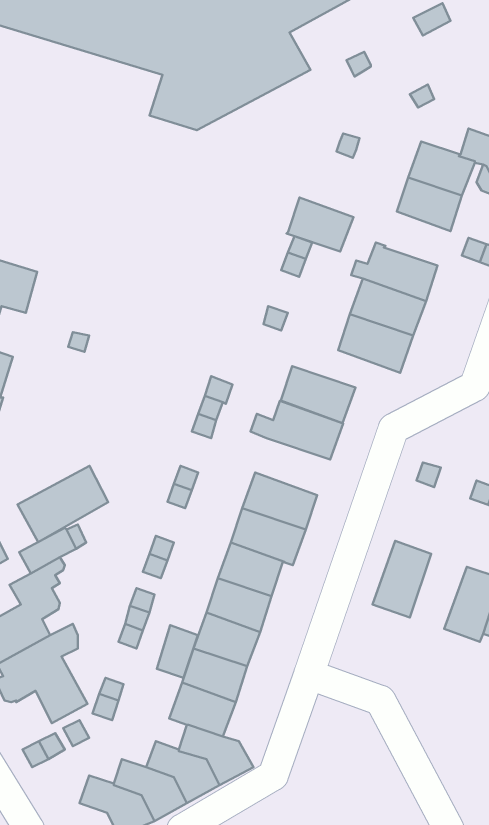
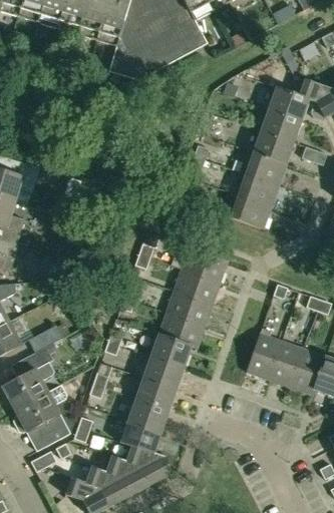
building: [287,198,353,251] -> [253,130,294,163]
building: [281,366,356,423] -> [174,270,220,305]
building: [17,466,108,542] -> none
building: none -> [269,332,304,387]
building: [157,625,198,678] -> none

